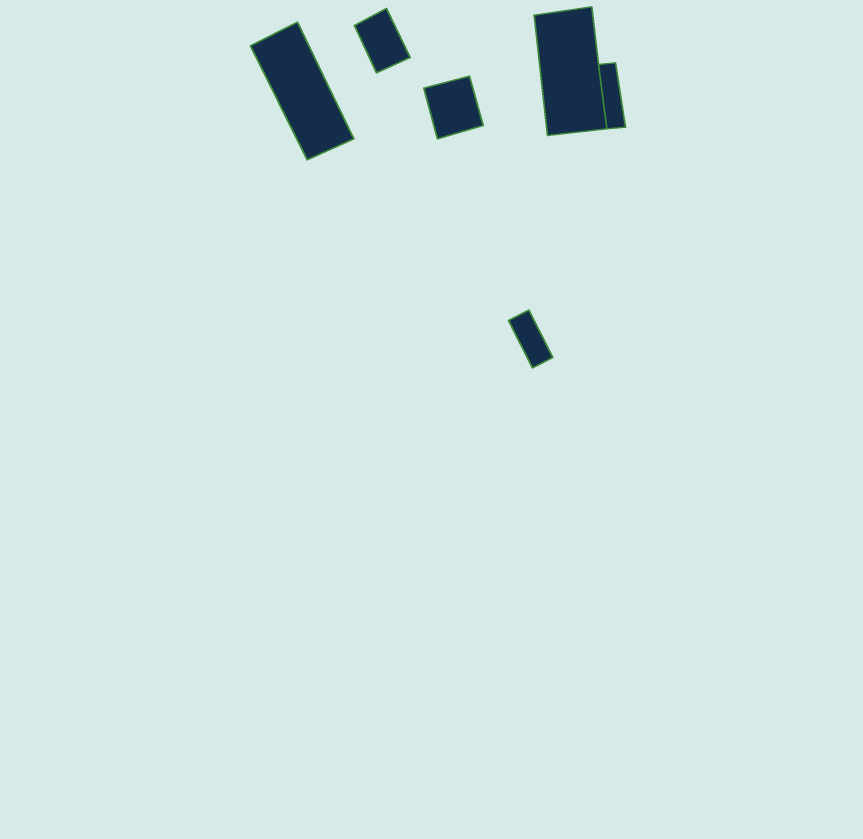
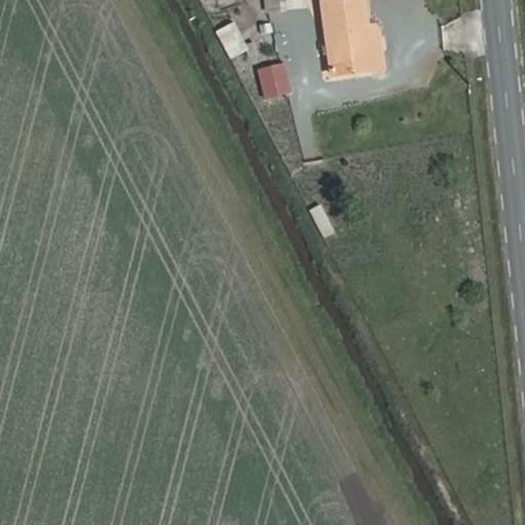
building: [250,22,354,160] -> none

